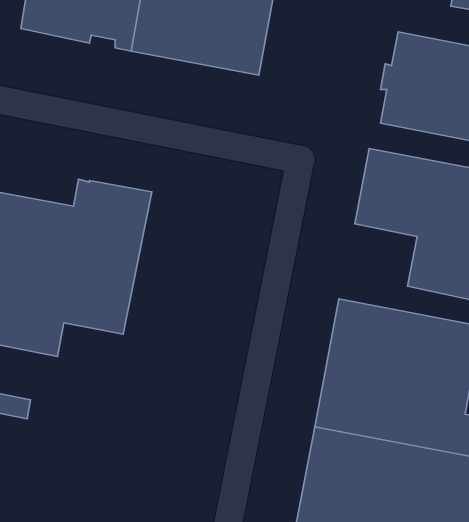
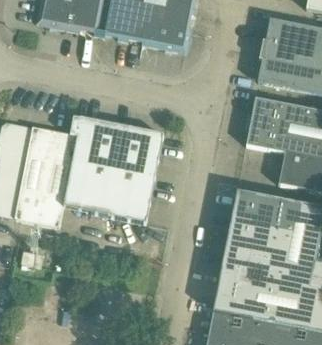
building: none -> [100,124,163,222]

